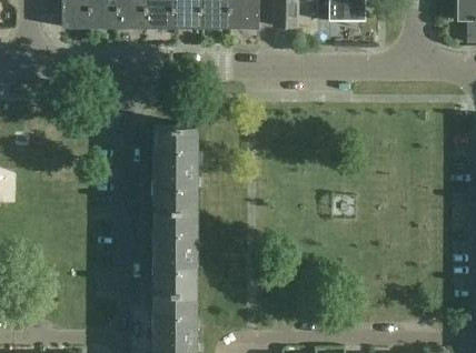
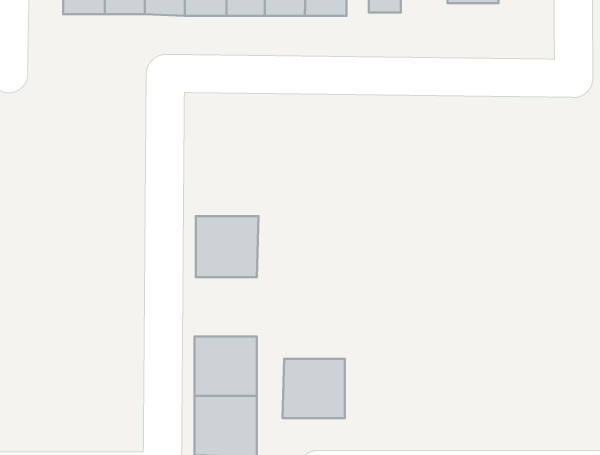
building: [153,127,197,168] -> none
building: [152,210,196,251] -> [282,359,345,418]

